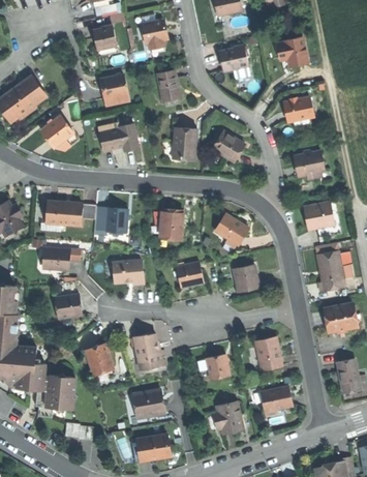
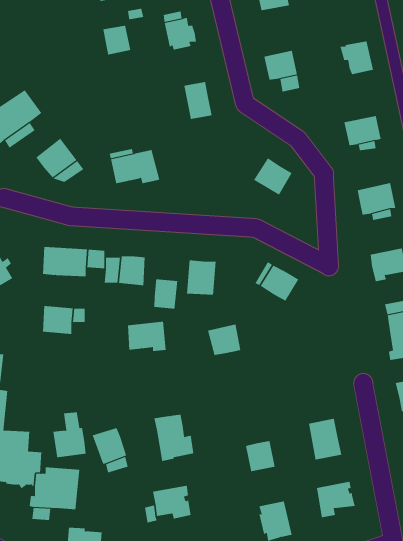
building: [102,74,126,98] -> none
building: [172,127,196,160] -> none
building: none -> [154,278,178,310]
building: [233,264,258,291] -> none
building: [55,281,82,318] -> [53,412,87,458]

